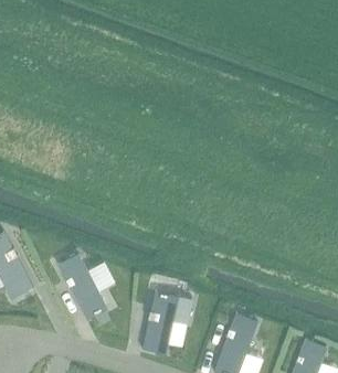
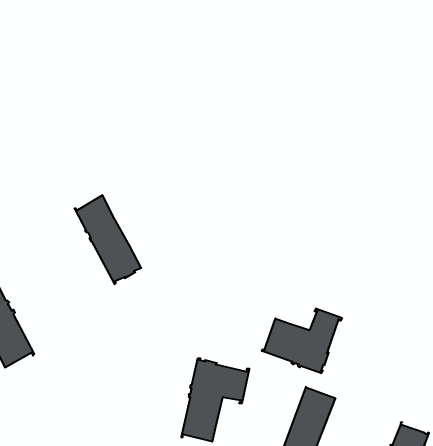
building: [57,254,107,320] -> [74,195,141,284]
building: none -> [262,308,342,373]

